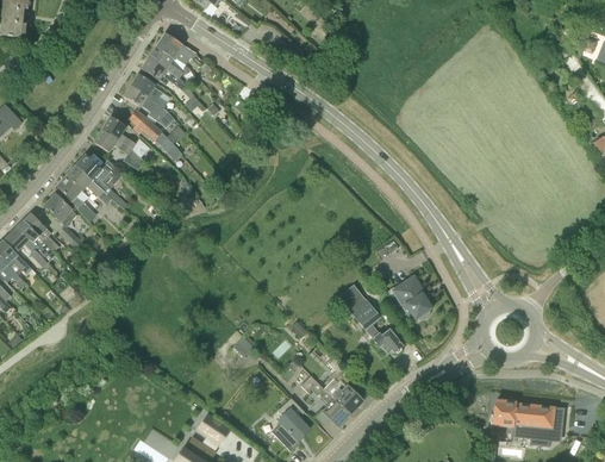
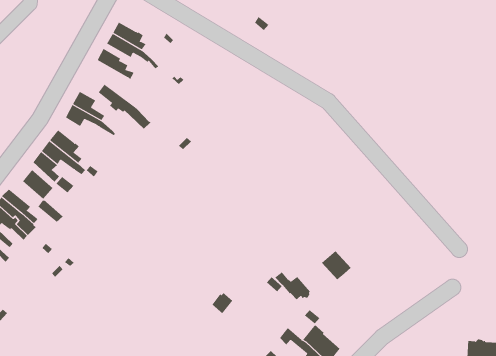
building: [155,32,195,63] -> none
building: [123,85,174,129] -> none
building: [395,281,431,319] -> none
building: [364,323,401,354] -> [274,271,311,300]

